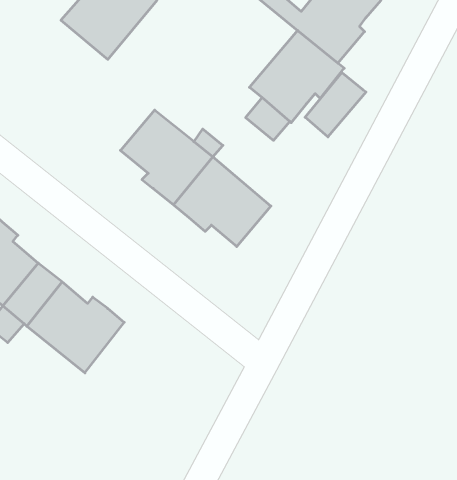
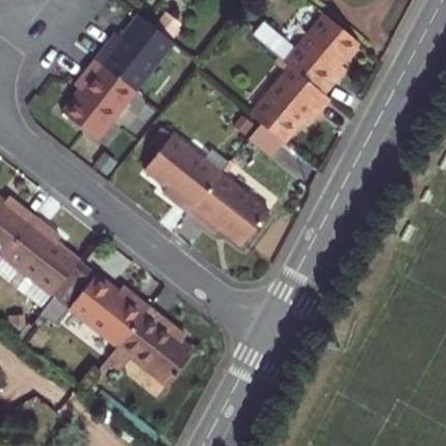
building: none -> [60,58,133,138]
building: [305,72,366,137] -> none
building: none -> [104,307,190,388]

